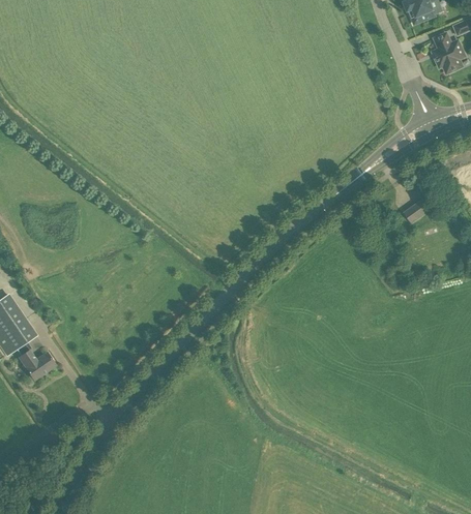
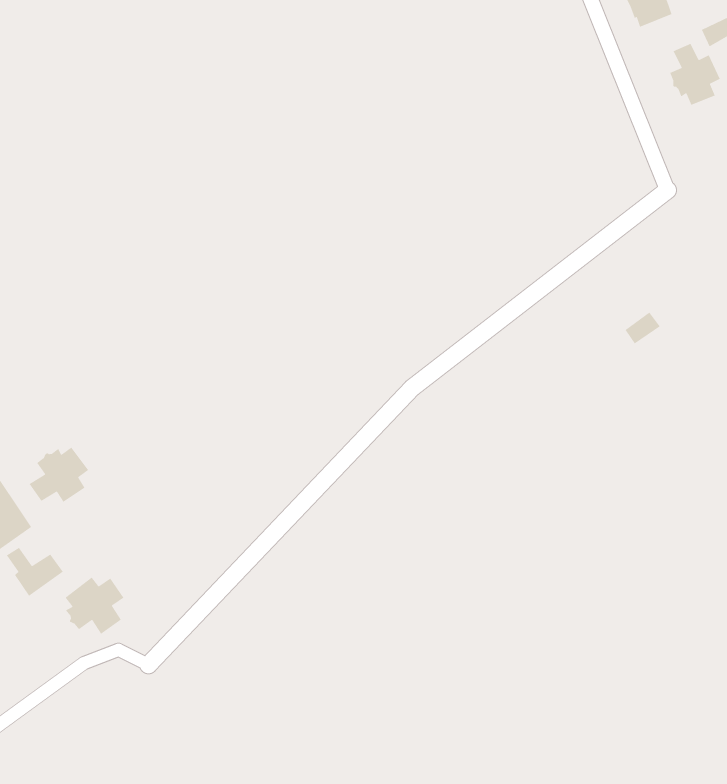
building: none -> [29,447,89,503]
building: none -> [65,577,125,635]

